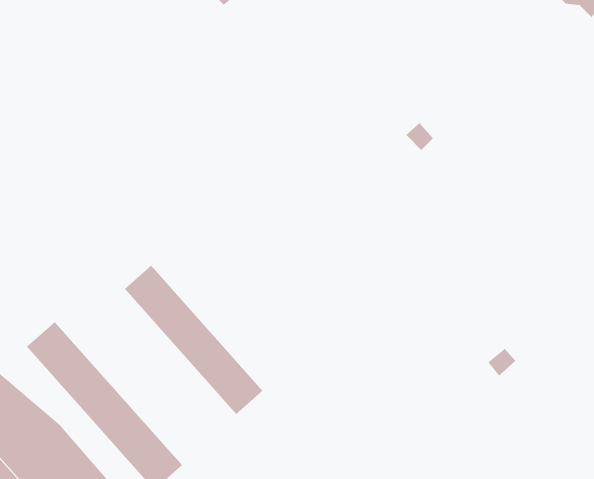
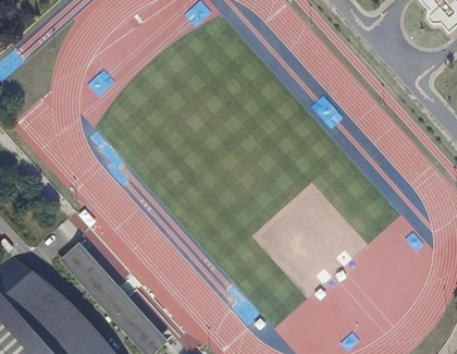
building: [124,265,263,415] -> none

